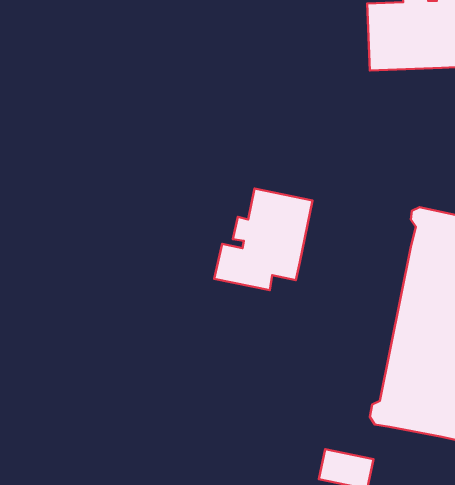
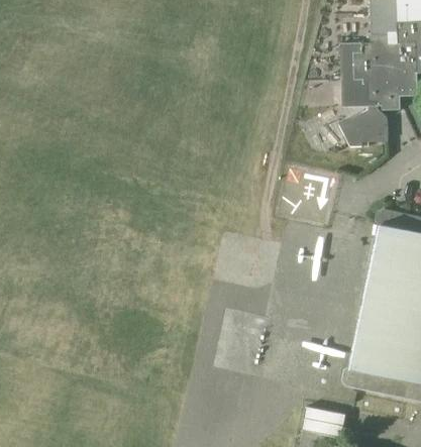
building: none -> [339,96,401,144]
building: [214,189,312,290] -> none

